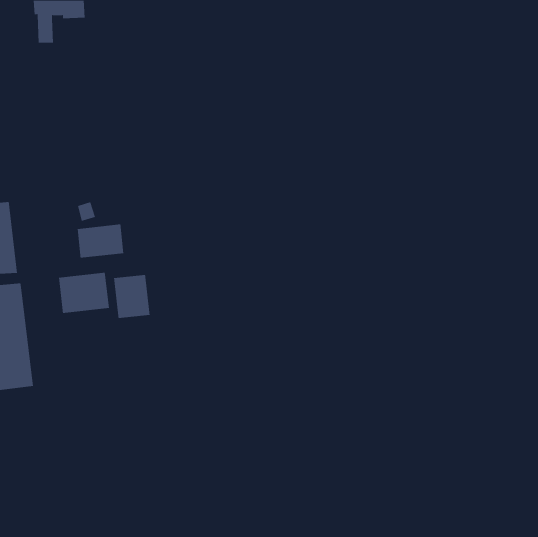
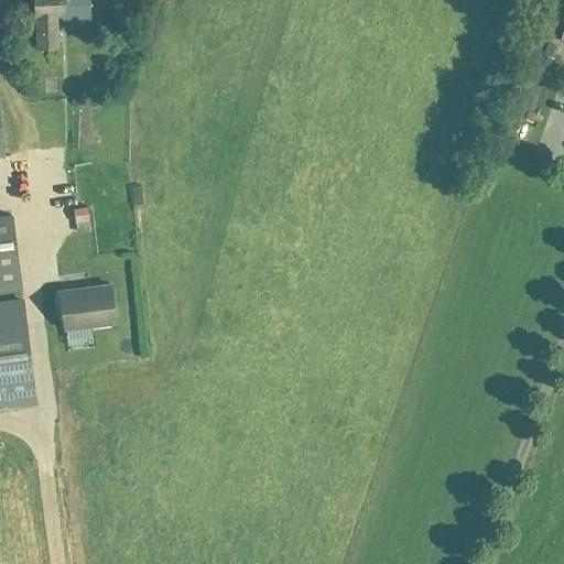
building: [77,224,124,259] -> none
building: [113,274,150,319] -> none

